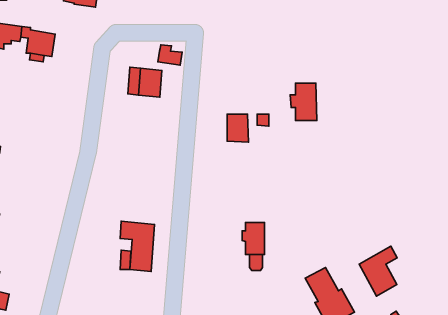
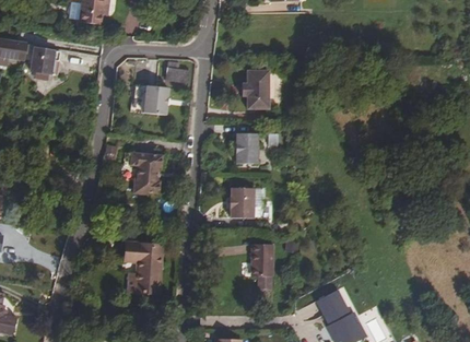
building: [290,83,317,120] -> [242,71,269,109]
building: none -> [130,153,163,194]
building: none -> [231,188,254,219]
building: [359,246,397,296] -> none

